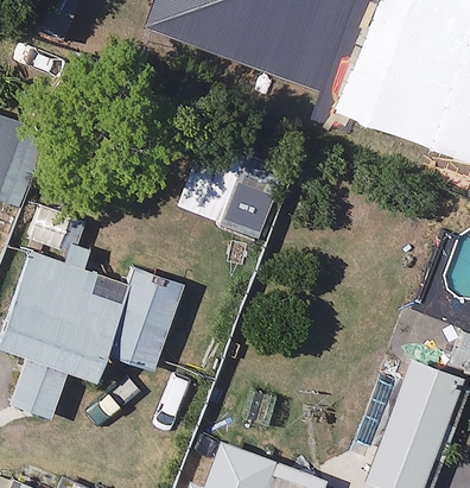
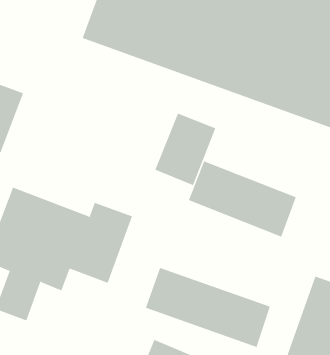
building: none -> [188,160,297,238]
building: none -> [145,267,270,348]

